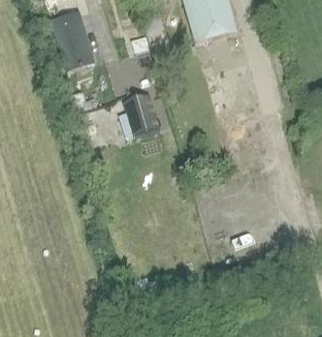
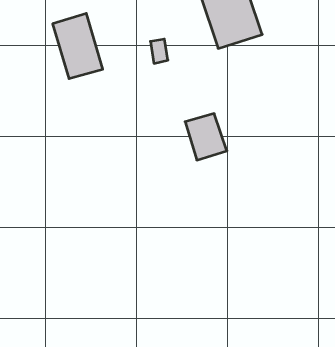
building: [123,94,160,135] -> [185,114,227,160]

